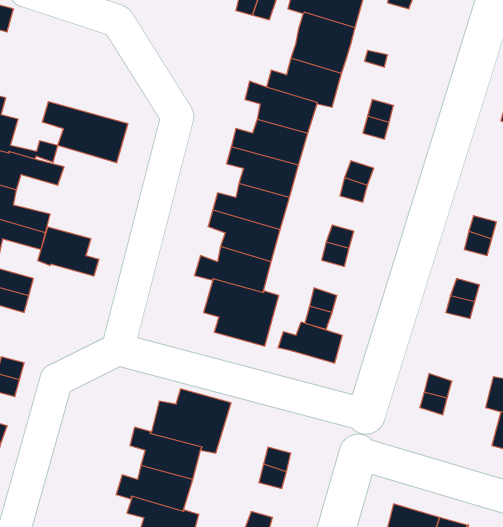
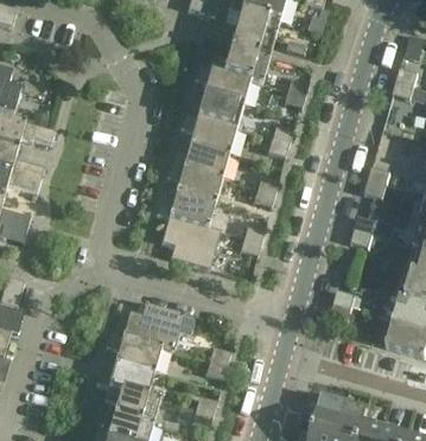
building: [43,102,128,163] -> none
building: [38,227,99,276] -> none
building: [278,322,342,363] -> none

